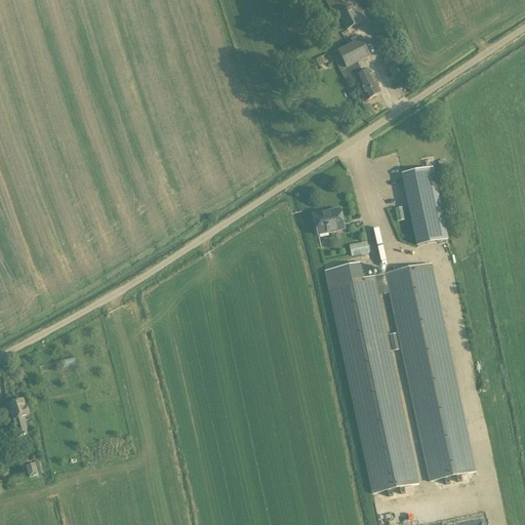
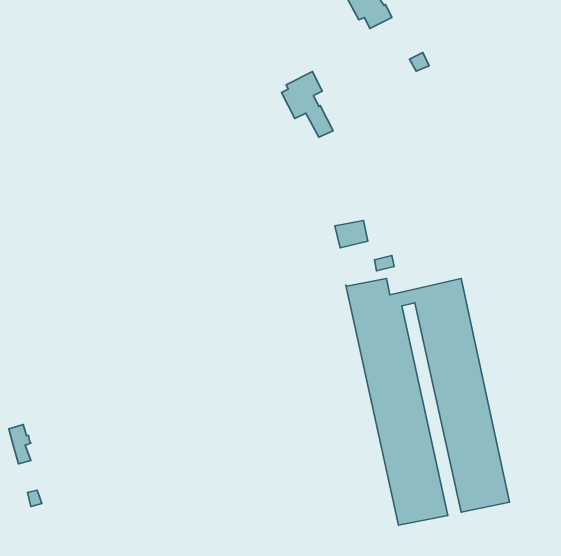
building: [332,35,380,96] -> [282,72,333,137]
building: [402,165,447,243] -> none

